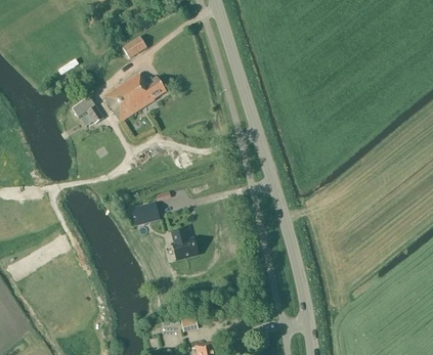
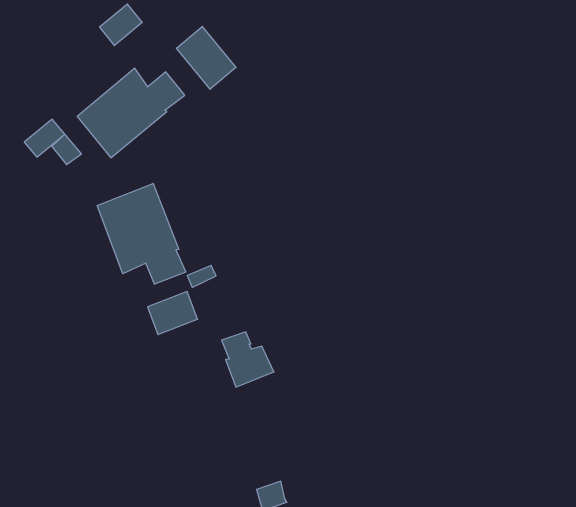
building: none -> [176,26,236,89]
building: none -> [97,183,186,284]

